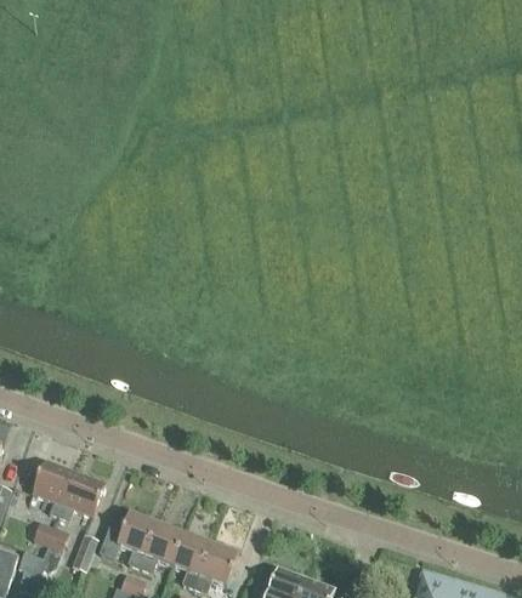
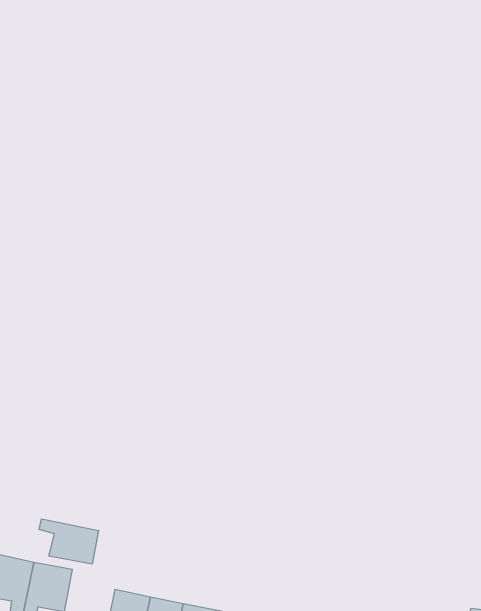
building: none -> [39,519,99,564]

